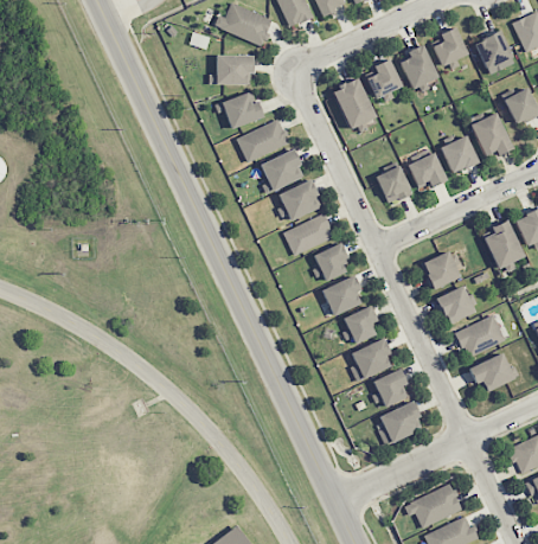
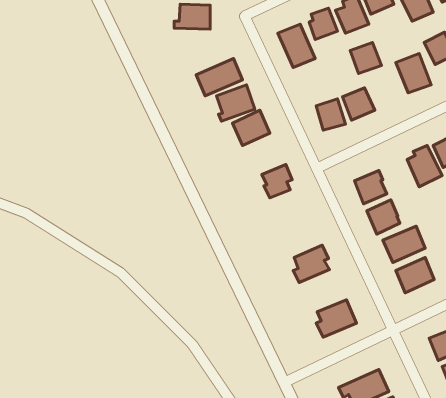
building: [222,90,263,129] -> none
building: [441,136,478,173] -> [350,42,382,74]
building: [283,215,334,255] -> none
building: [321,276,364,315] -> none
building: [340,306,377,345] -> none
building: [371,370,405,408] -> none

